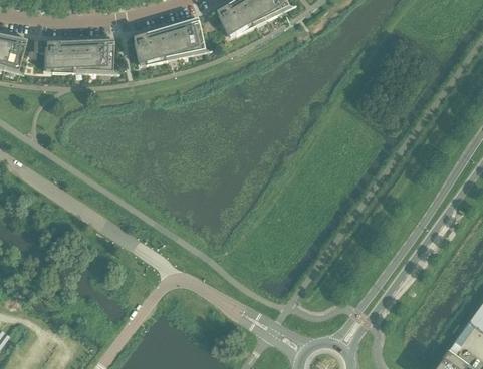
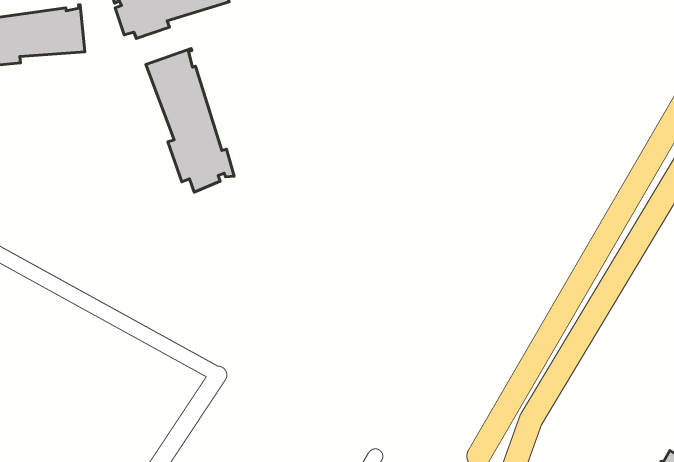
building: none -> [146,49,234,192]

